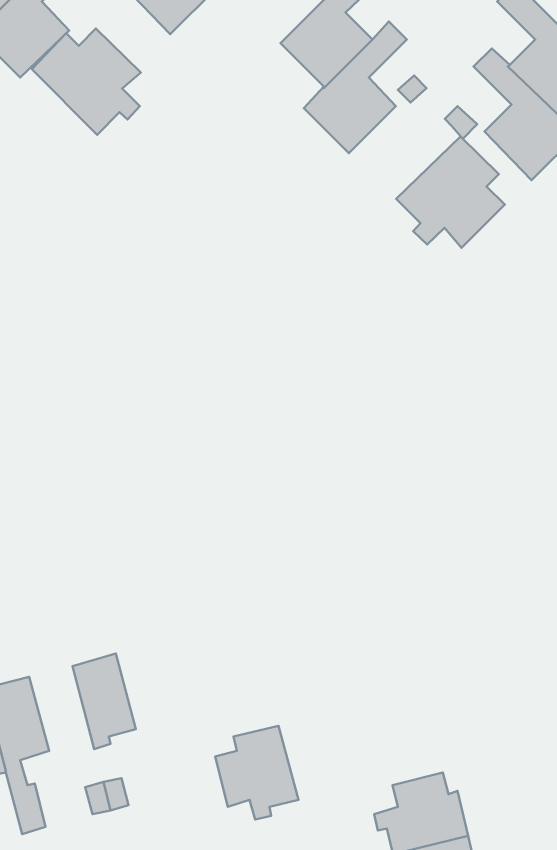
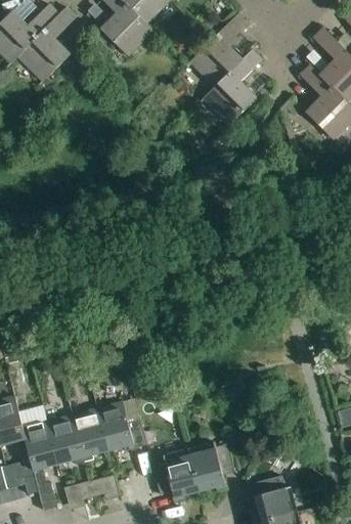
building: [32,29,141,135] -> none
building: [396,137,505,248] -> none
building: none -> [97,400,147,450]
building: none -> [48,414,85,464]
building: none -> [189,441,235,491]

